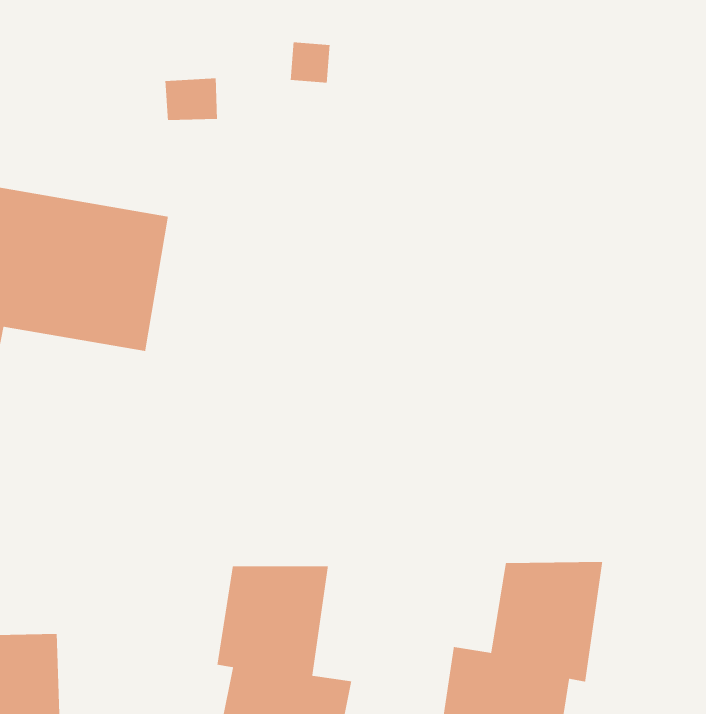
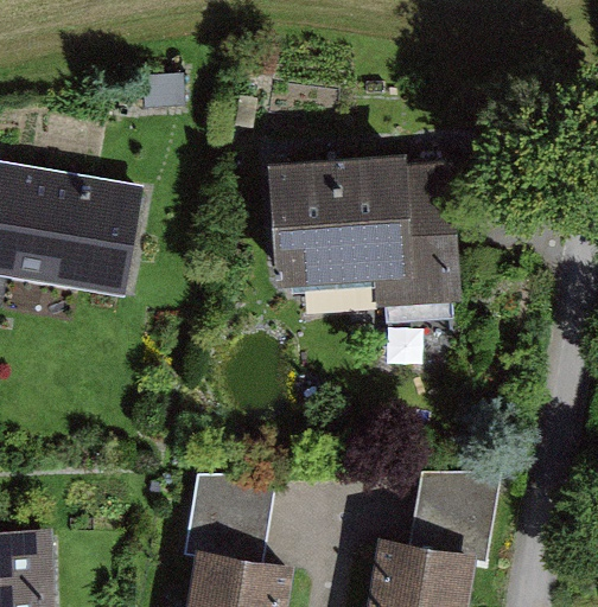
building: none -> [267,158,459,308]

